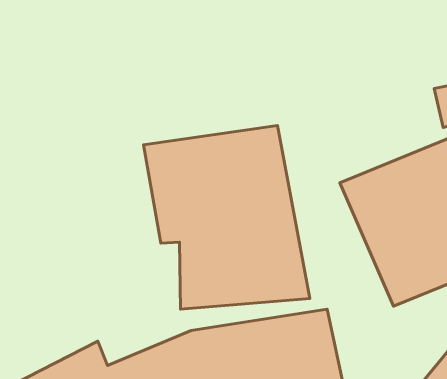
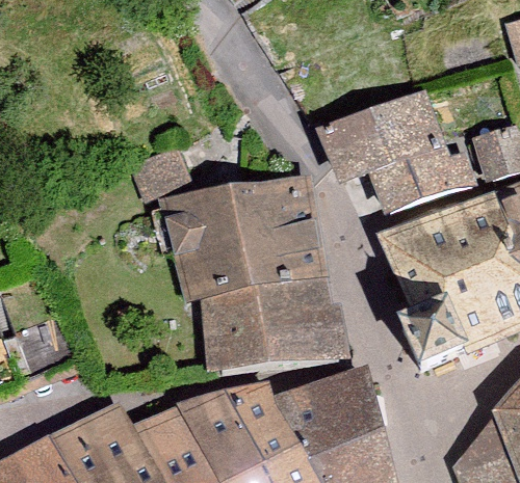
building: none -> [317,101,476,220]

